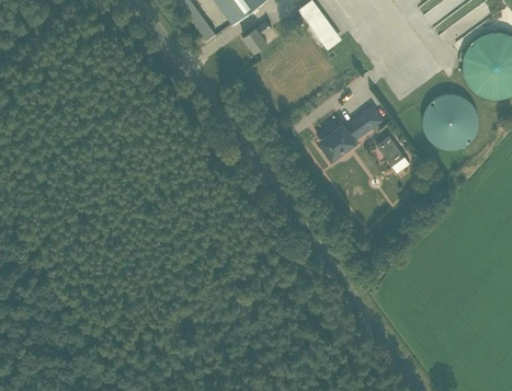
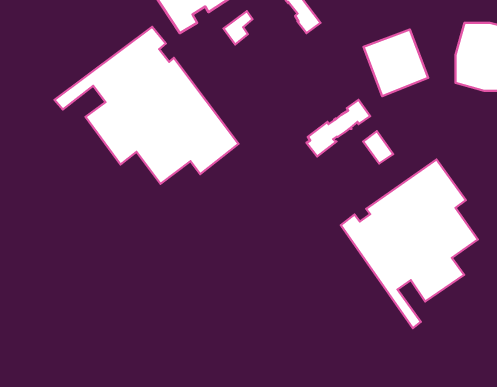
building: none -> [55,27,239,184]
building: [420,89,481,152] -> [364,29,428,96]
building: none -> [341,160,478,328]

